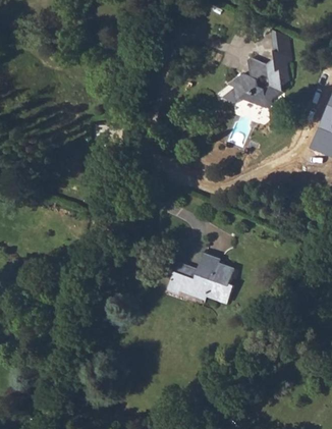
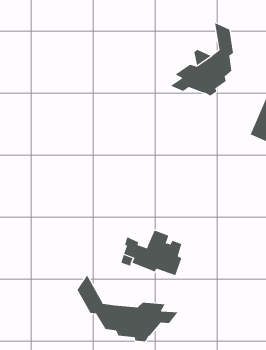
building: none -> [77,275,178,342]

